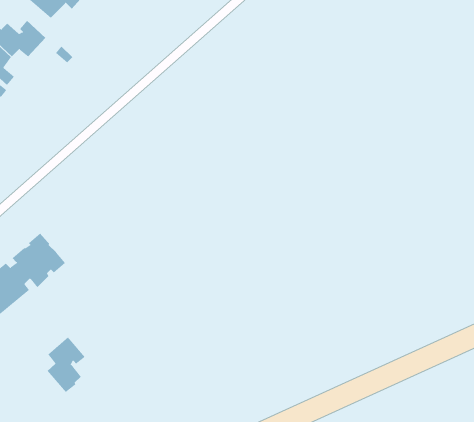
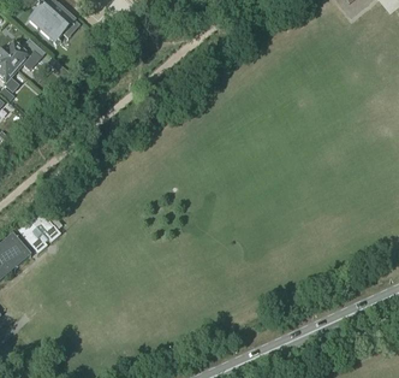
building: [47,337,85,393] -> none

